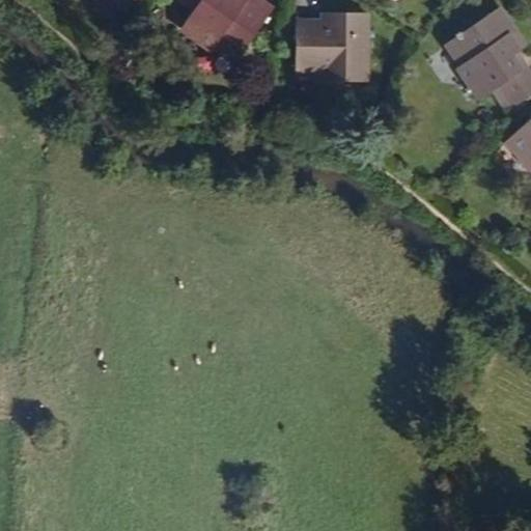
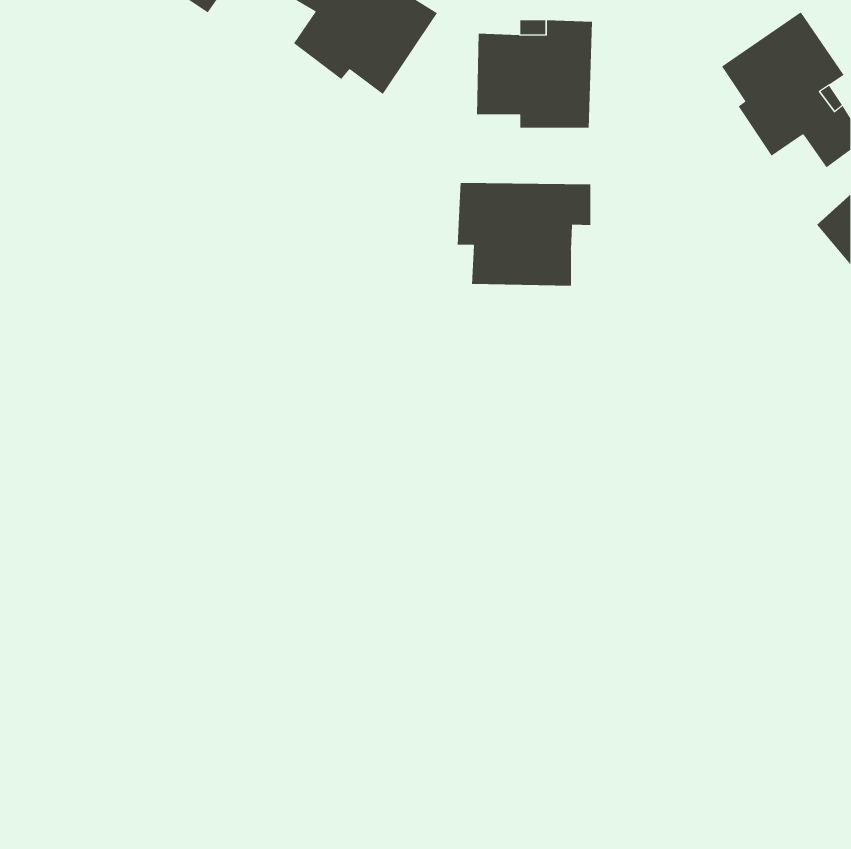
building: none -> [457,182,591,287]

